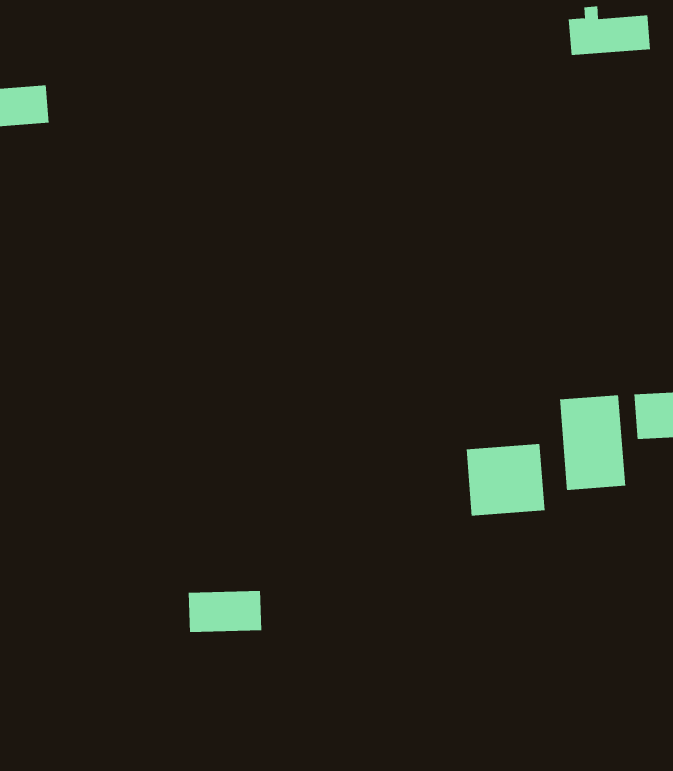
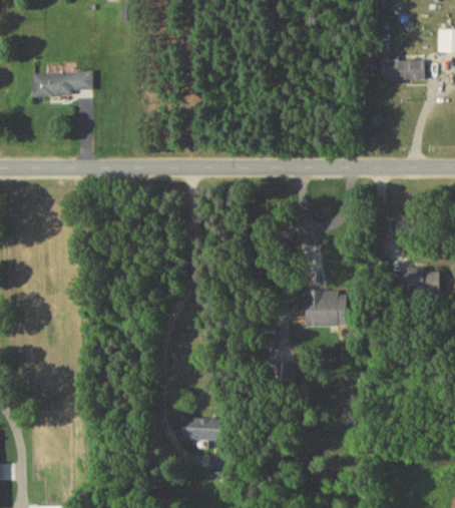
building: [560,394,626,491] -> none
building: [188,590,262,632] -> [182,418,223,442]

